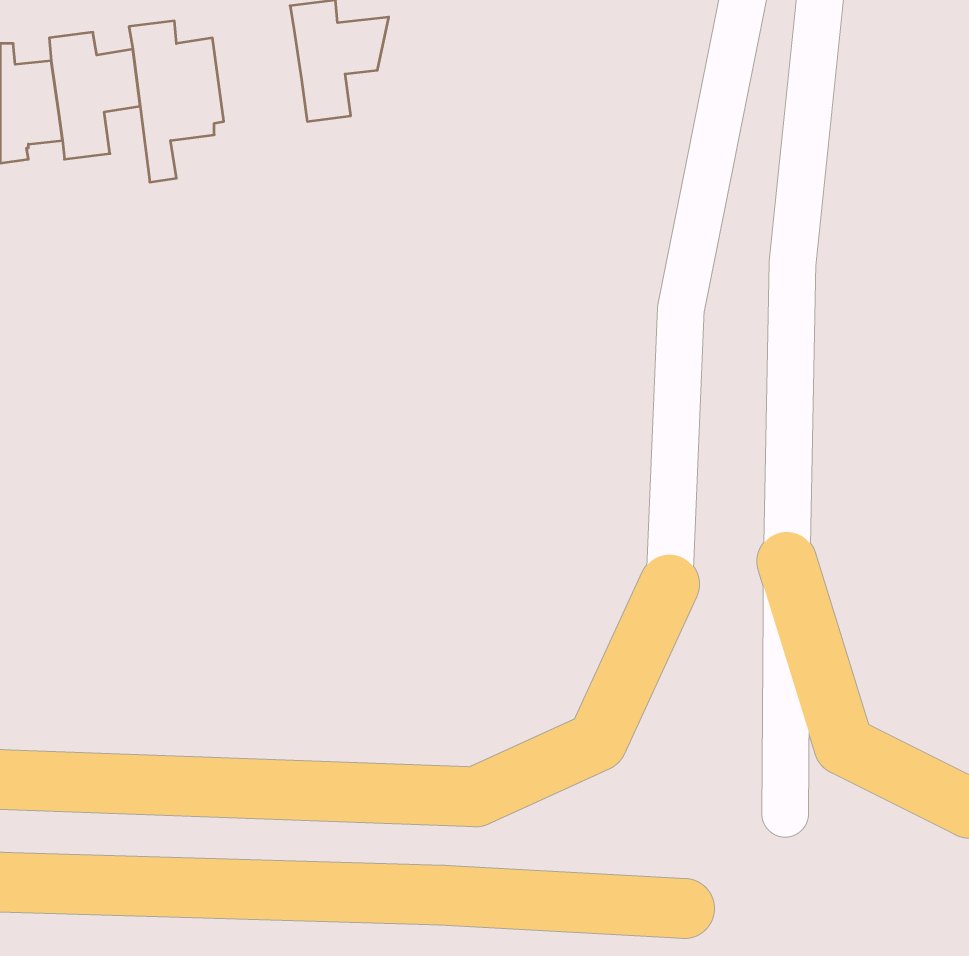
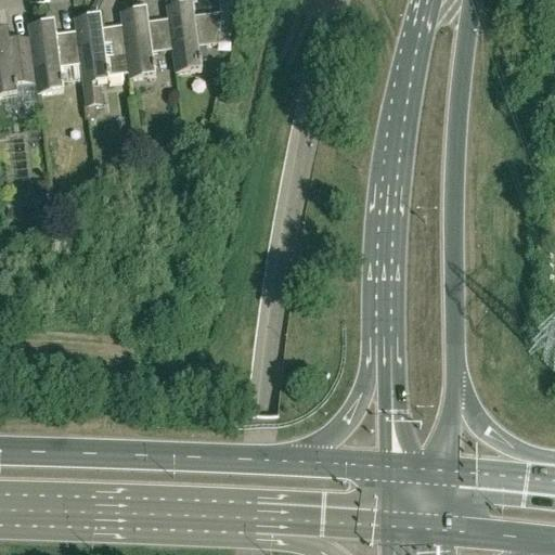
building: none -> [120,5,172,76]

